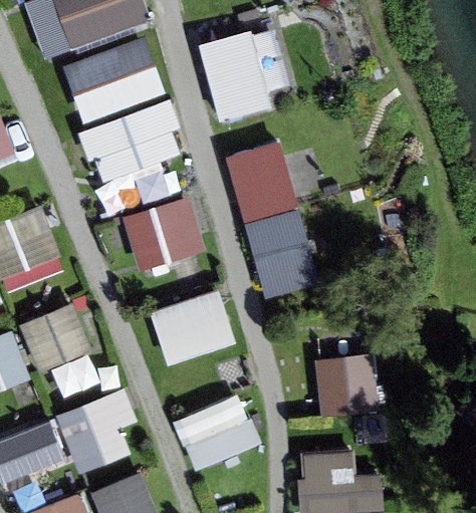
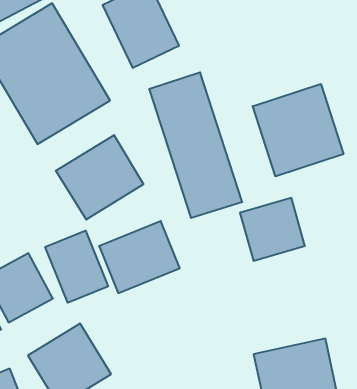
building: none -> [253,84,343,176]
building: none -> [45,231,108,303]
building: [315,355,380,417] -> [240,198,305,261]
building: [177,392,260,469] -> none

